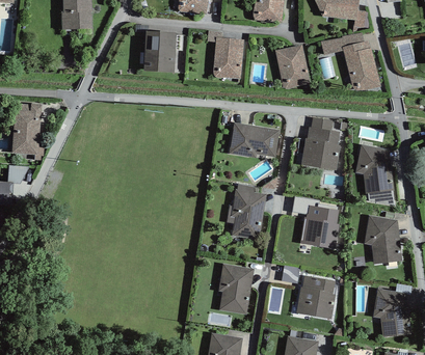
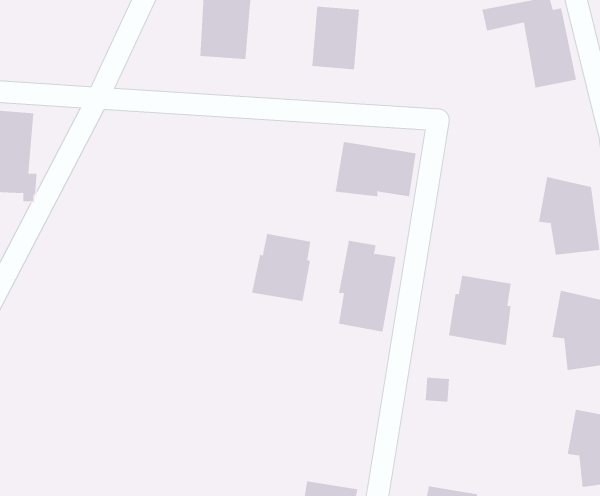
building: [274,44,309,87] -> none
building: [300,116,339,169] -> none
building: none -> [251,233,311,302]
building: [217,263,253,313] -> none
building: [295,275,335,318] -> none

